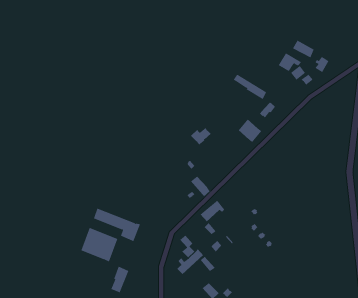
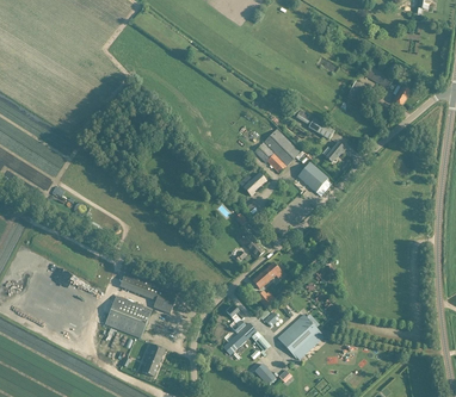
building: none -> [254,129,301,174]
building: none -> [278,314,325,360]

